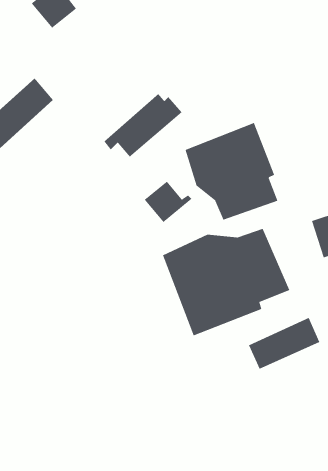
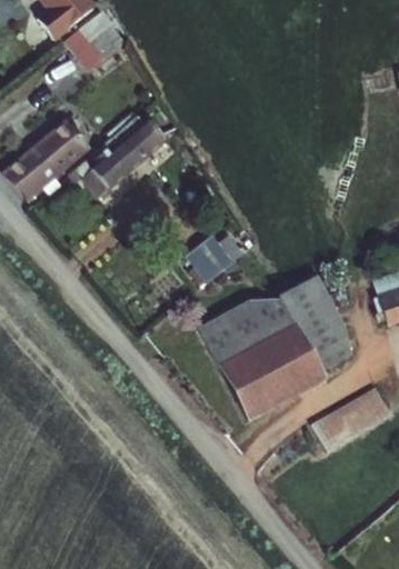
building: [104,93,183,157] -> [63,120,151,191]
building: [185,122,278,220] -> none

